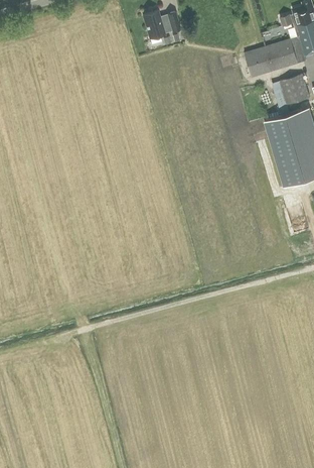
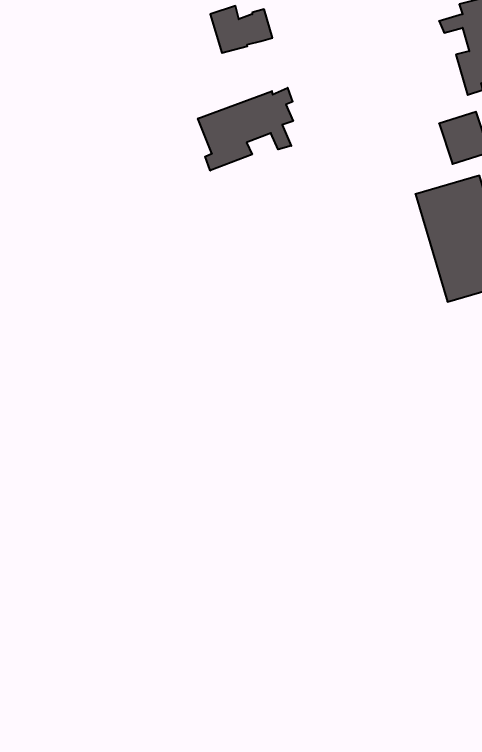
building: [245,39,297,77] -> none
building: none -> [198,88,293,171]

